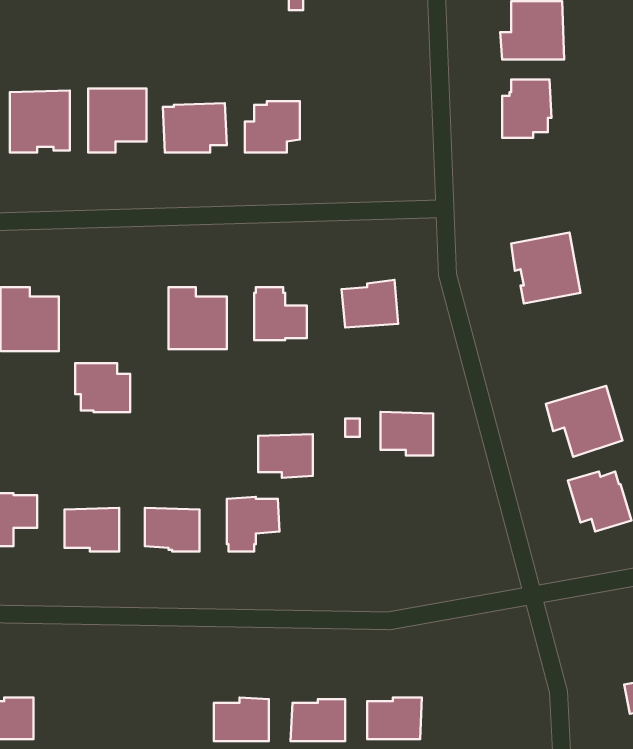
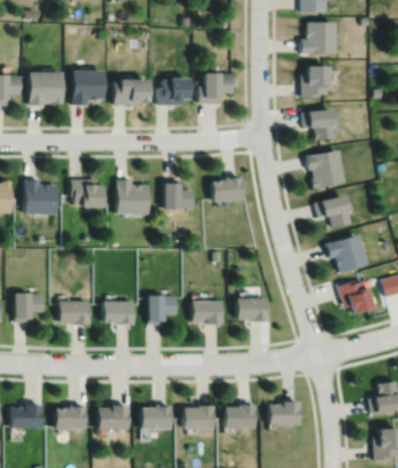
building: none -> [201,72,235,103]
building: none -> [301,108,334,140]
building: none -> [314,195,351,228]
building: [75,363,130,412] -> [72,180,102,207]
building: [380,412,433,455] -> [239,299,268,323]
building: [258,434,313,478] -> [193,302,224,326]
building: none -> [271,402,301,427]
building: none -> [55,406,86,431]
building: none -> [99,406,129,431]

